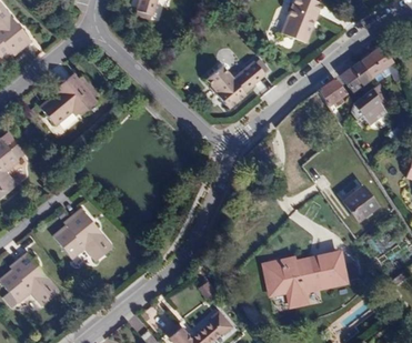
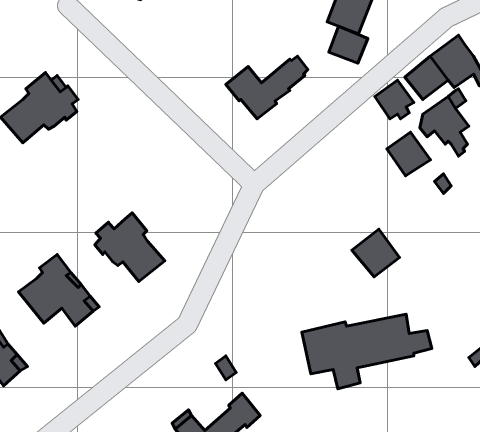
building: none -> [329,26,368,63]
building: none -> [387,132,430,176]
building: none -> [95,213,165,282]
building: [342,184,378,220] -> [352,229,400,277]

